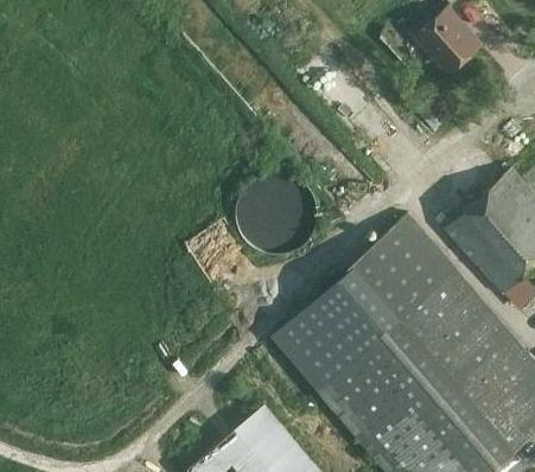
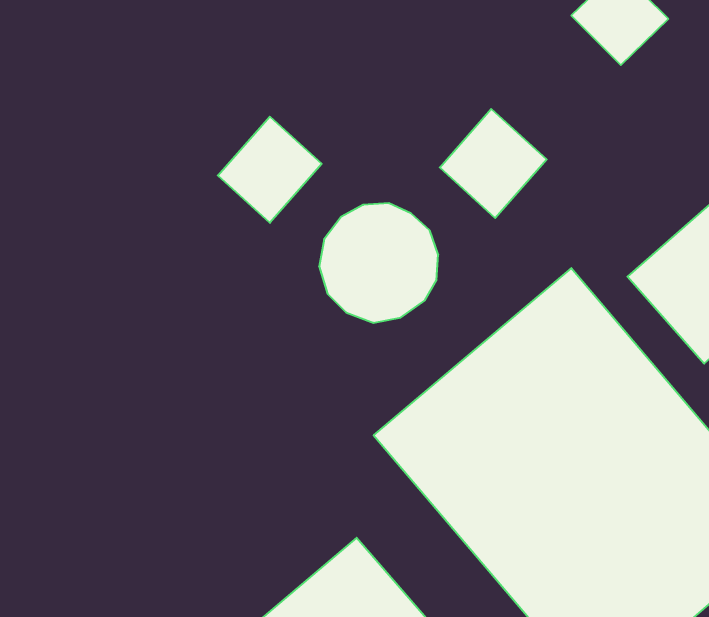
building: none -> [440,109,547,218]
building: none -> [218,117,322,223]

